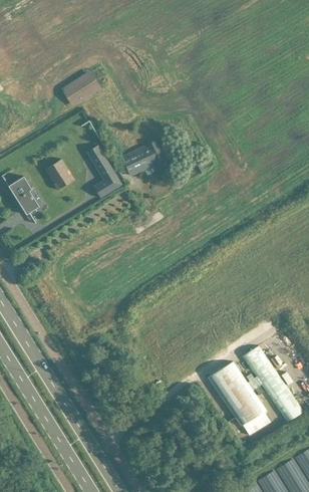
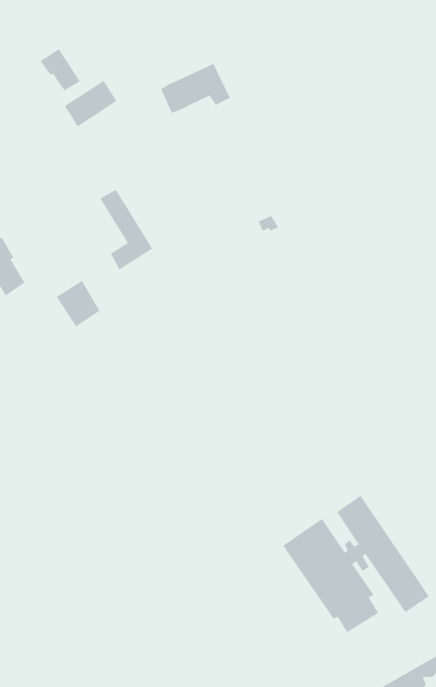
building: none -> [39,48,81,91]
building: [122,142,169,177] -> [160,63,231,117]
building: [45,161,74,192] -> [56,280,101,328]

